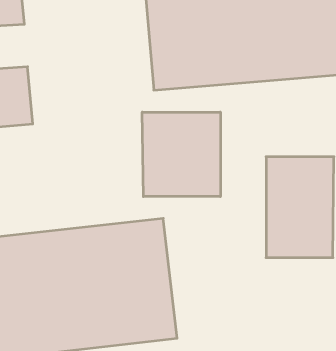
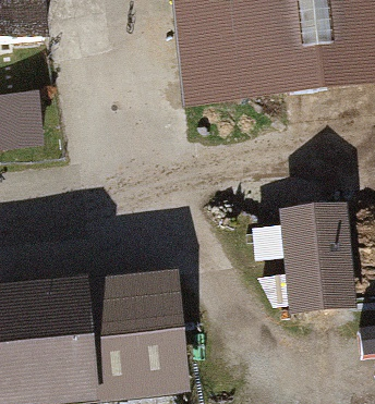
building: [142,112,220,197] -> none

